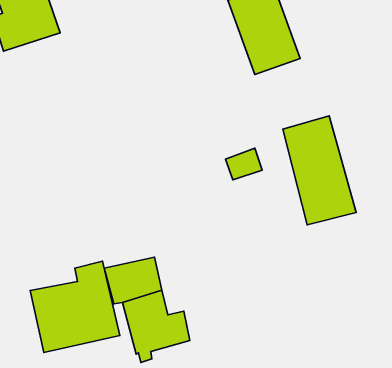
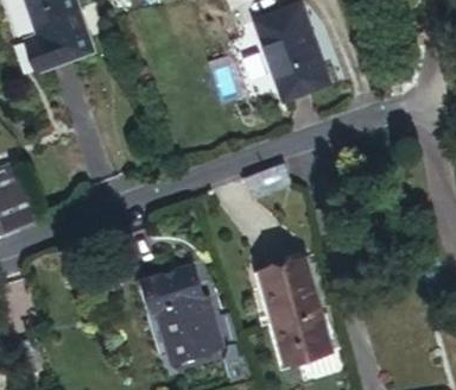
building: [283,116,356,225] -> [256,258,328,364]
building: [30,261,120,352] -> none

